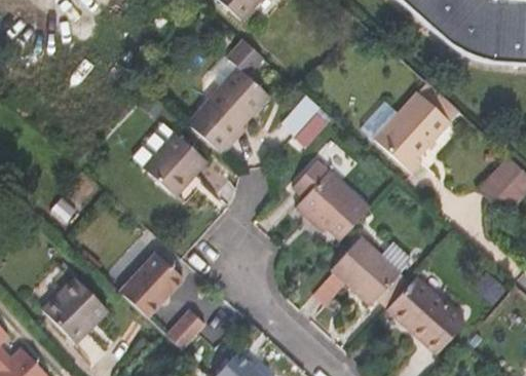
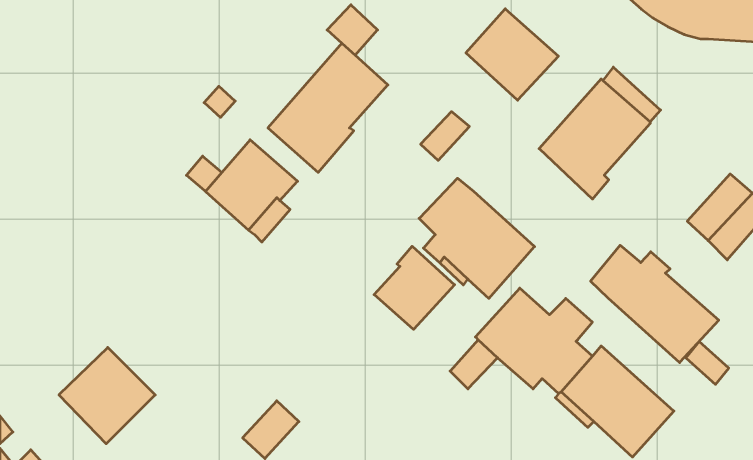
building: none -> [466,9,558,100]
building: none -> [591,245,719,363]
building: none -> [374,246,455,329]
building: [122,257,187,322] -> none

